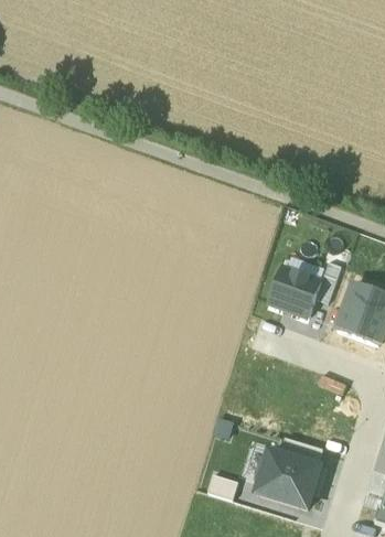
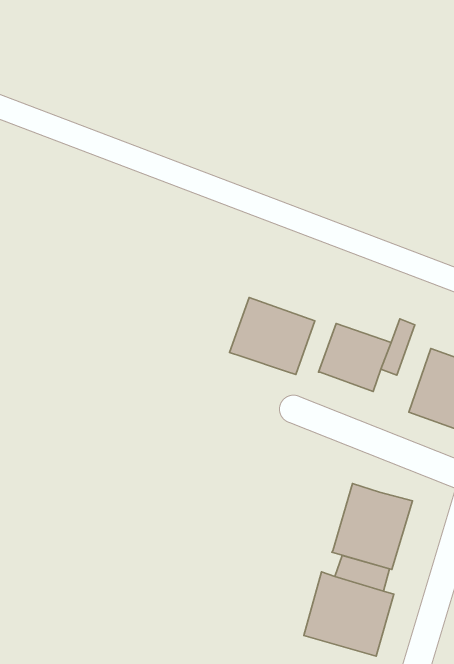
building: none -> [229,298,315,375]
building: none -> [332,483,413,570]

